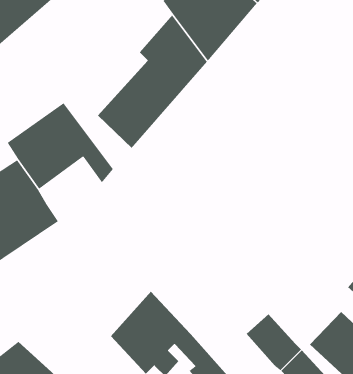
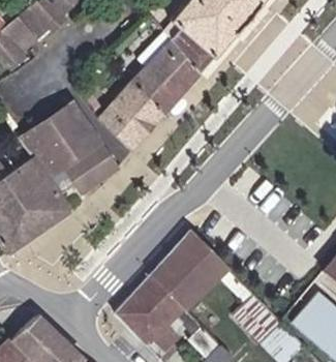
building: none -> [54,157,110,202]
building: none -> [151,229,230,310]

